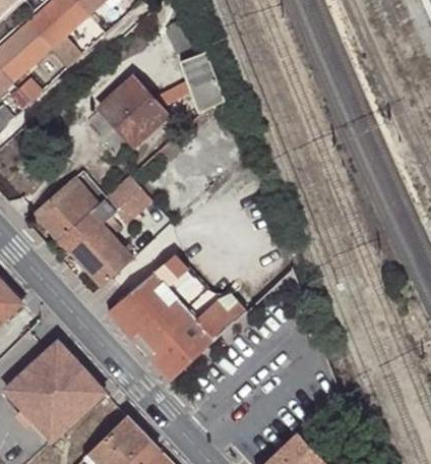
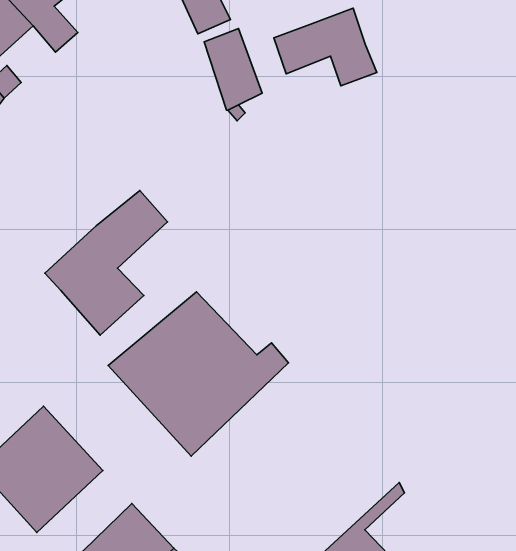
building: none -> [274,8,377,86]
building: [101,76,169,146] -> none
building: [34,176,98,239] -> none

